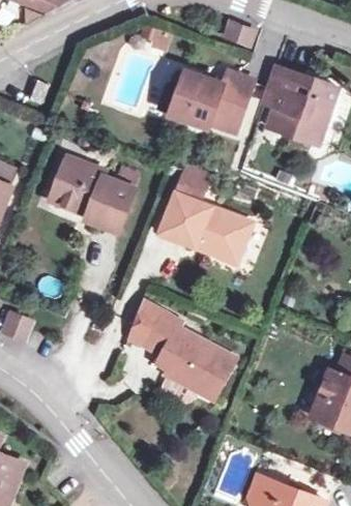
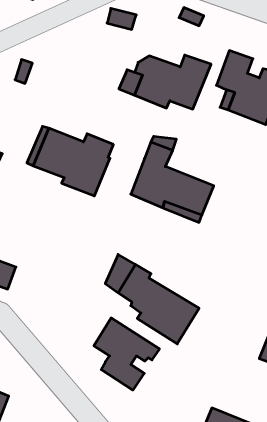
building: none -> [94,318,159,390]

